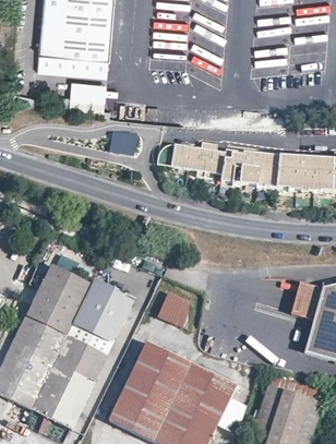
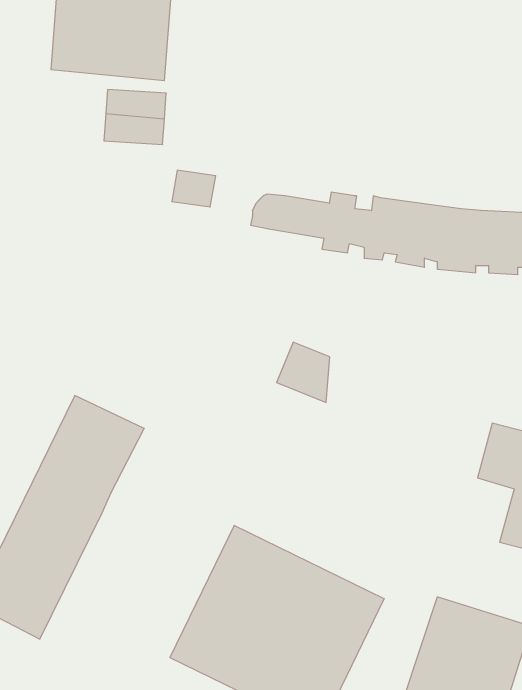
building: [73,277,132,339] -> none
building: [157,292,189,328] -> [277,342,330,403]
building: [31,334,109,429] -> none

